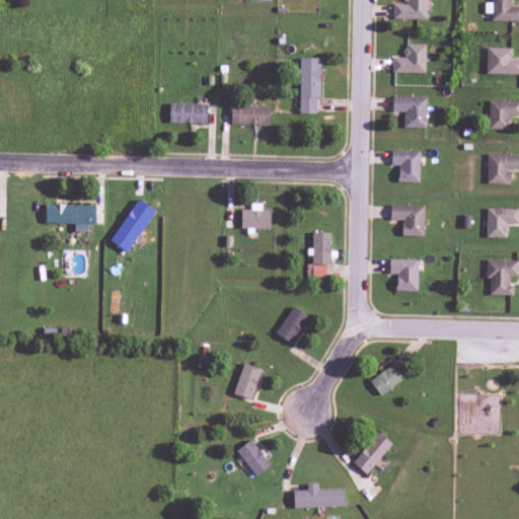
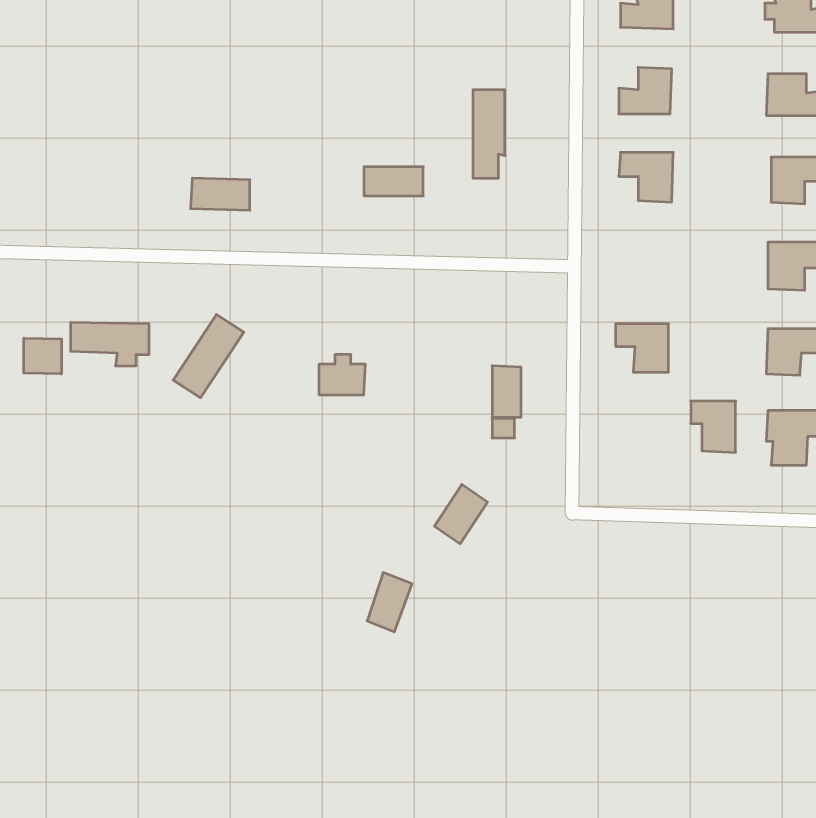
building: [170,102,208,123] -> [191,178,250,210]
building: [392,150,421,181] -> none
building: [242,203,272,228] -> [319,355,365,395]
building: none -> [24,338,62,374]
building: [390,258,419,291] -> [691,401,736,452]
building: [371,362,406,395] -> none
building: [354,431,392,473] -> none
building: [237,439,272,475] -> none
building: [294,483,345,508] -> none

